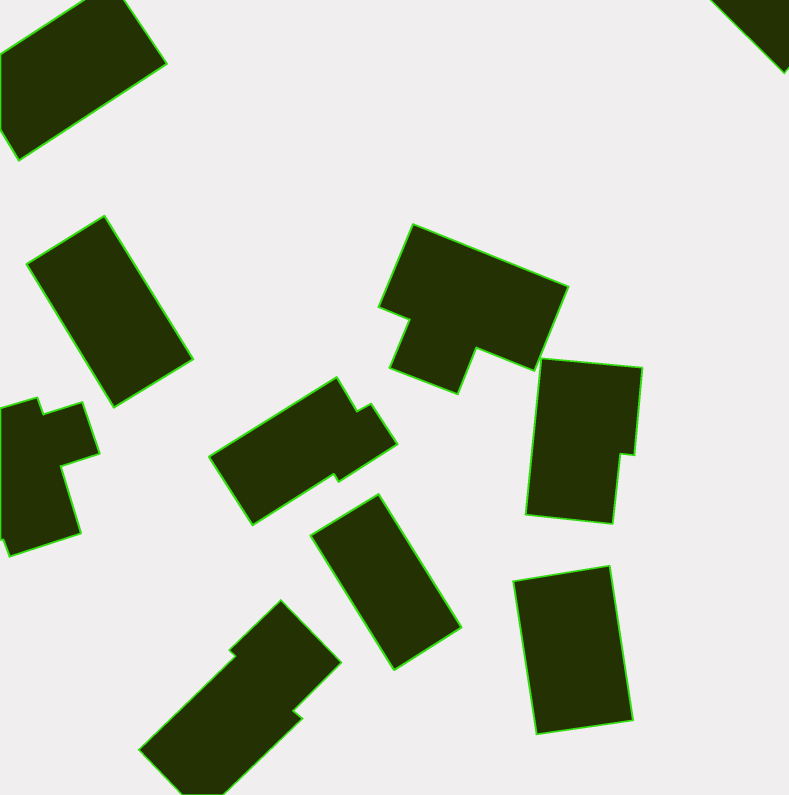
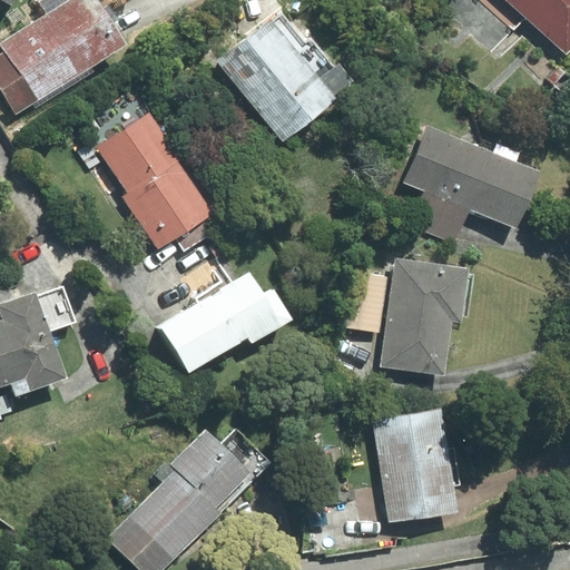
building: none -> [217,4,354,142]
building: [26,216,193,408] -> [96,111,215,248]
building: [378,224,569,394] -> [402,125,538,246]
building: [311,494,461,670] -> none

